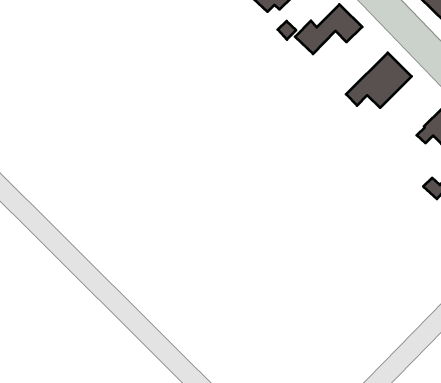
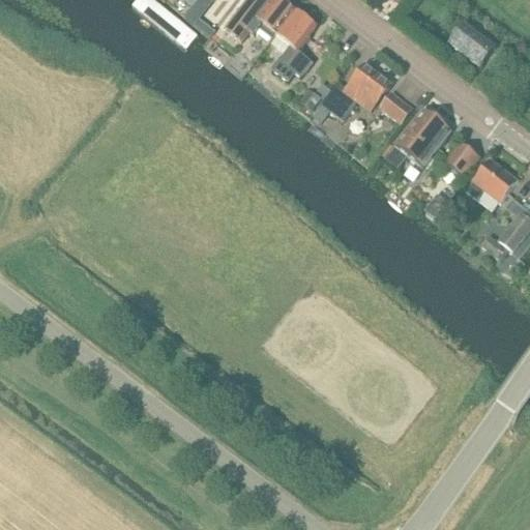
building: none -> [380,90,413,123]
building: none -> [444,141,479,176]

